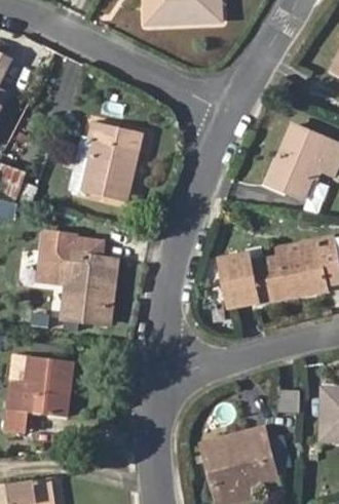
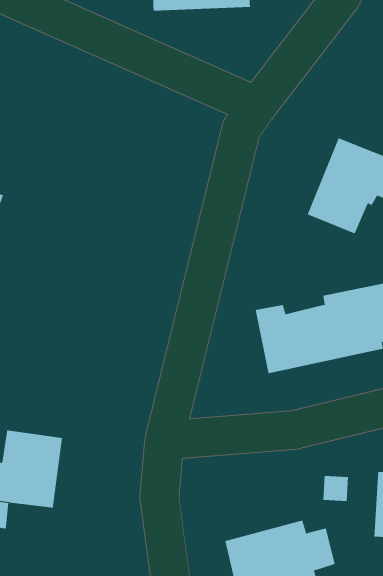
building: [71,122,142,201] -> none
building: [40,232,115,323] -> none

